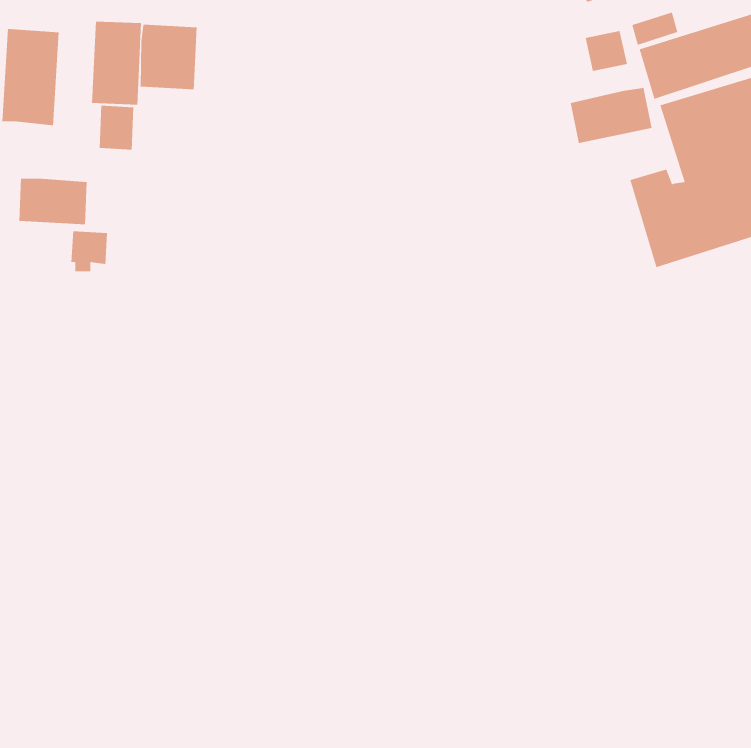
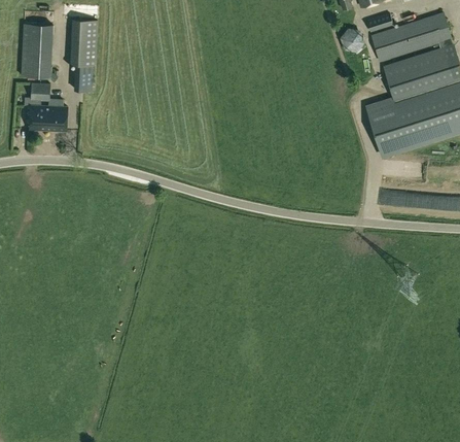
building: [140,24,197,90] -> none
building: [570,87,652,144] -> none
building: [71,231,108,272] -> [29,83,49,106]

